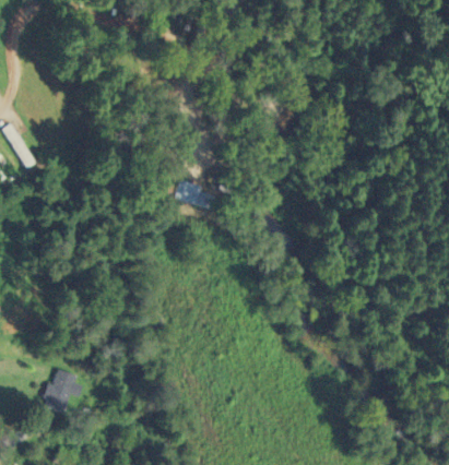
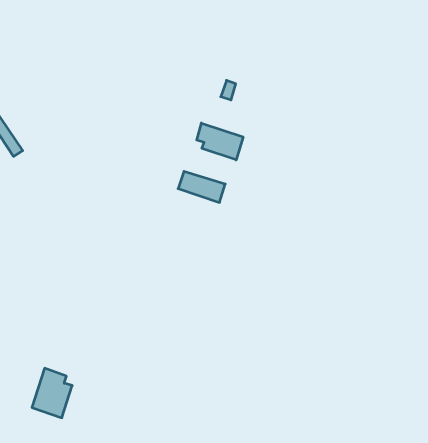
building: none -> [197,123,243,160]

